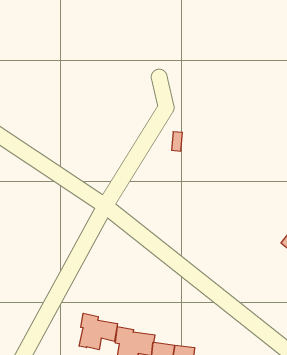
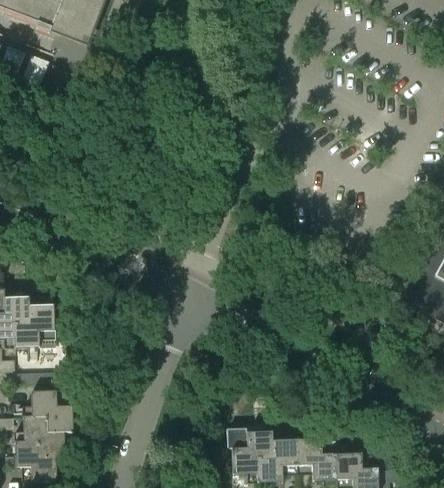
building: [79,313,118,350] -> none

